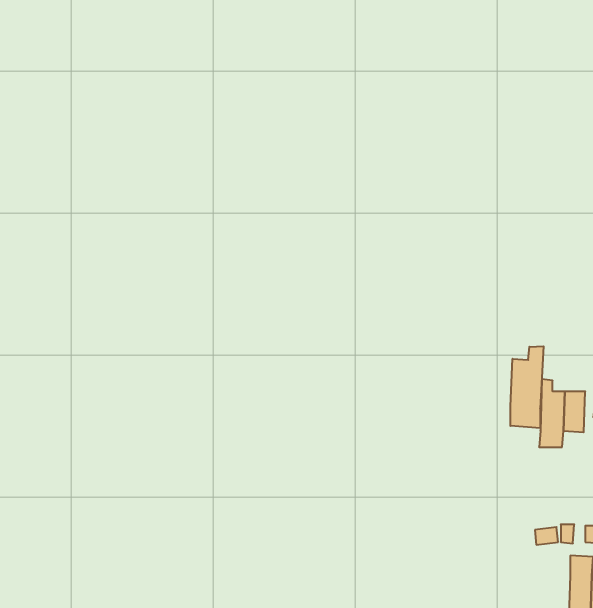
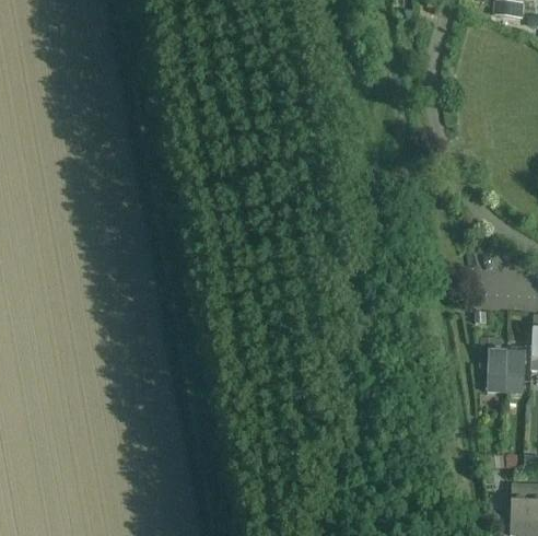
building: [510,346,544,428] -> none

